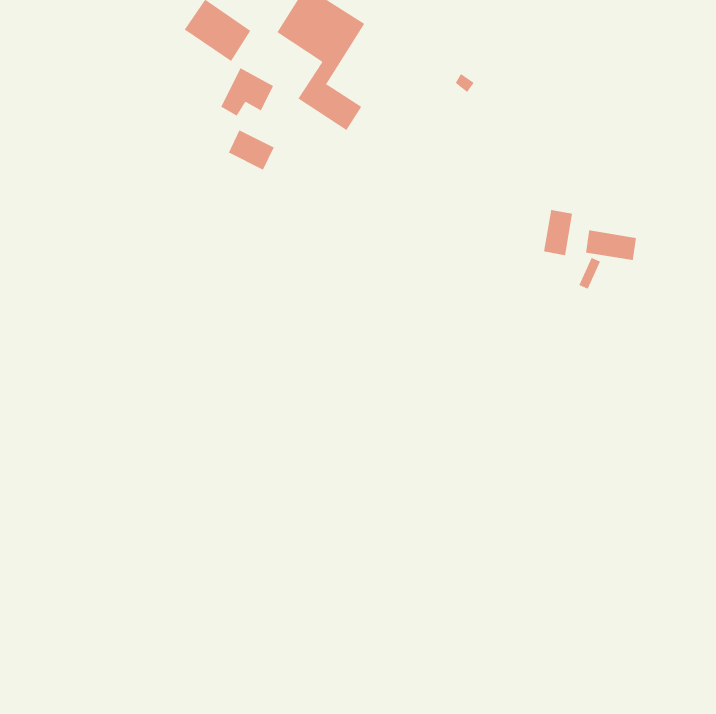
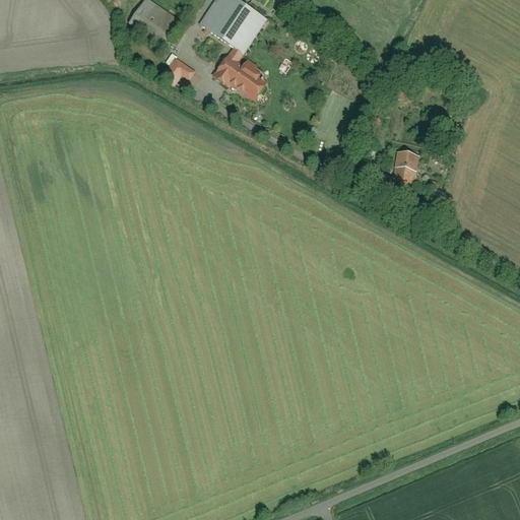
building: [228,129,274,171] -> none
building: [586,230,636,261] -> none

